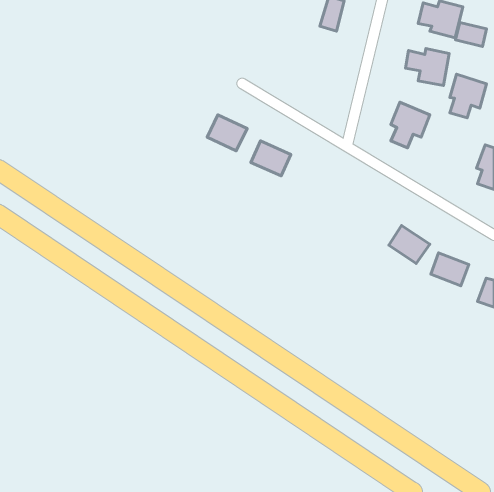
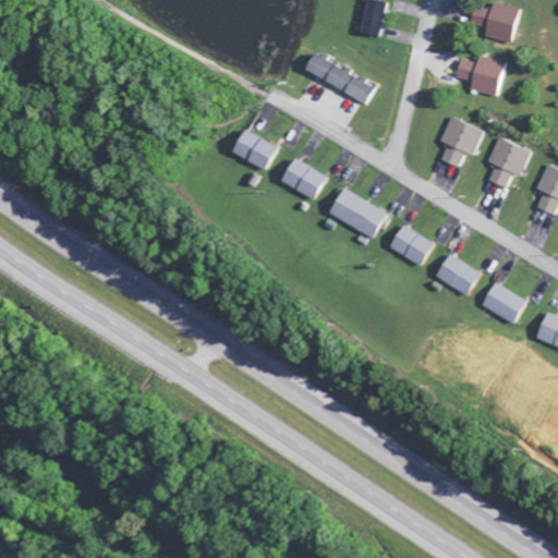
building: [456,23,486,46] -> none
building: none -> [303,53,375,101]
building: [450,74,487,118] -> [486,136,527,185]
building: none -> [328,186,386,239]
building: none -> [389,225,434,264]

